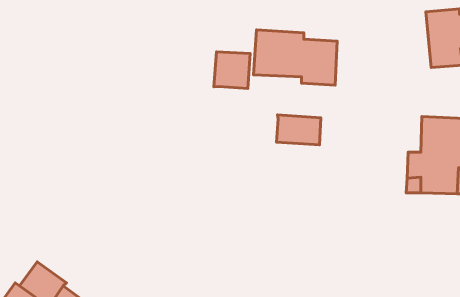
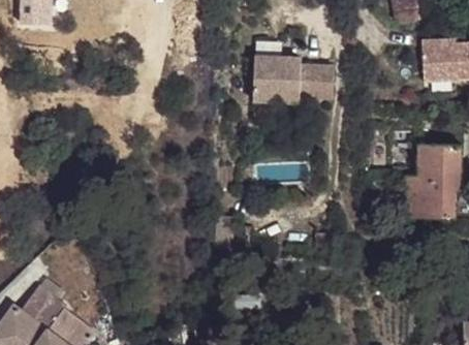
building: [214,52,250,89] -> none
building: [276,115,321,145] -> none

